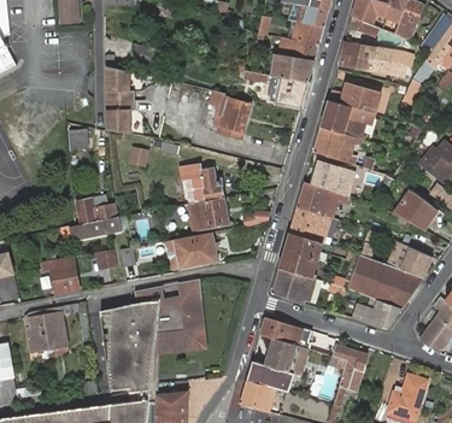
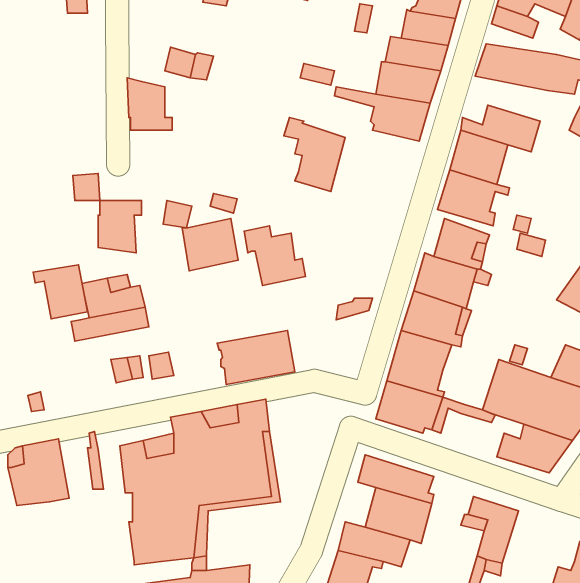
building: [106,100,135,135] -> [98,201,141,253]
building: [192,198,229,233] -> [182,219,238,271]
building: [42,257,78,293] -> [33,265,87,319]

